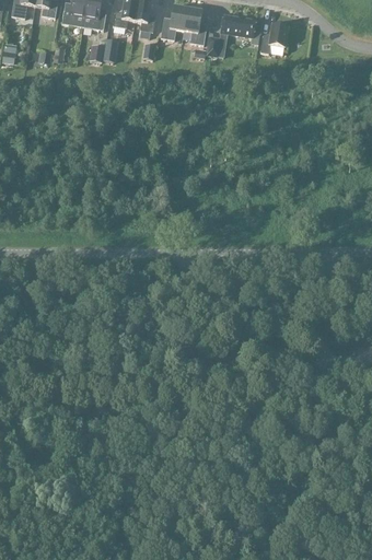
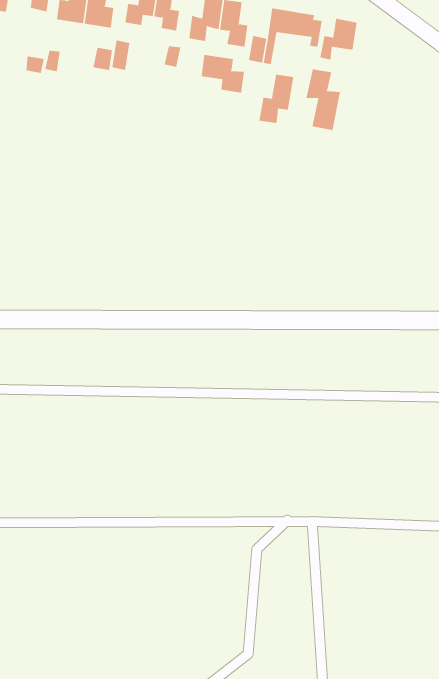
building: none -> [201,54,245,94]
building: none -> [306,69,341,131]
building: none -> [259,74,294,124]

